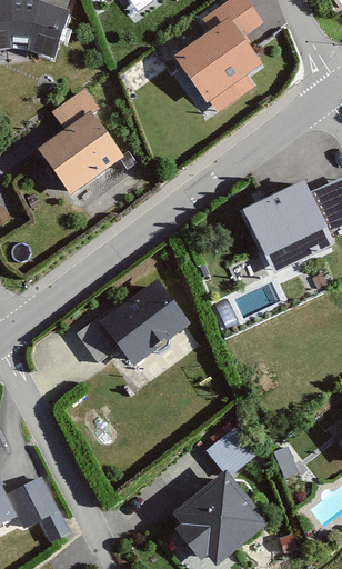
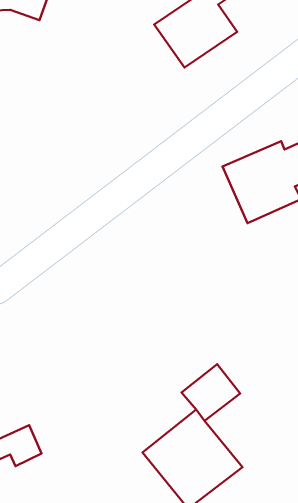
building: [32,88,124,199] -> none
building: [77,271,191,371] -> none

